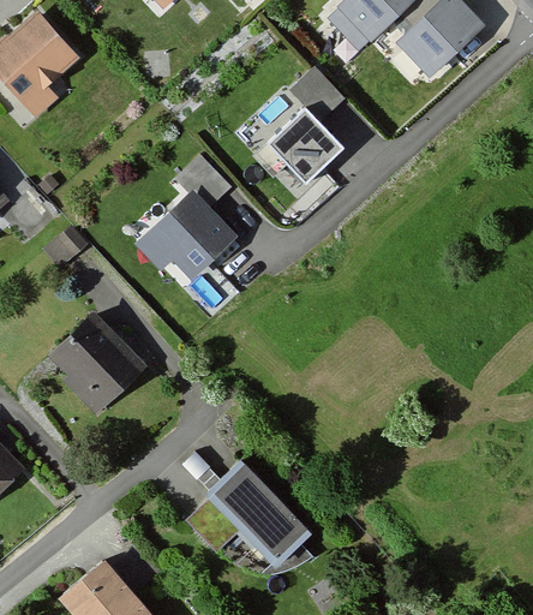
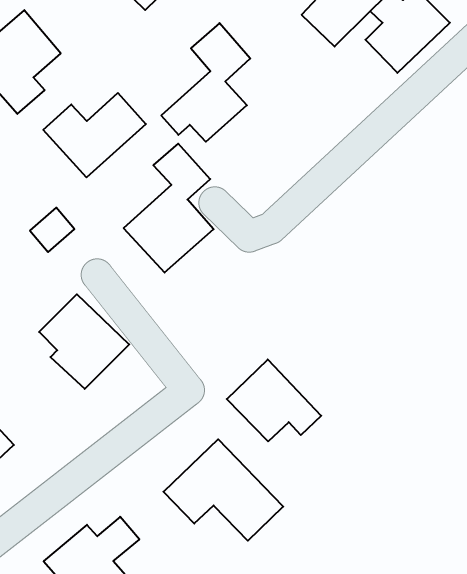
building: [254,62,348,187] -> [161,23,250,142]
building: none -> [43,93,146,177]
building: none -> [227,359,321,441]

